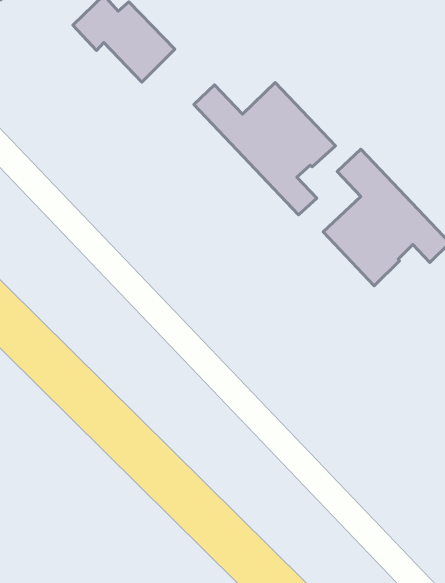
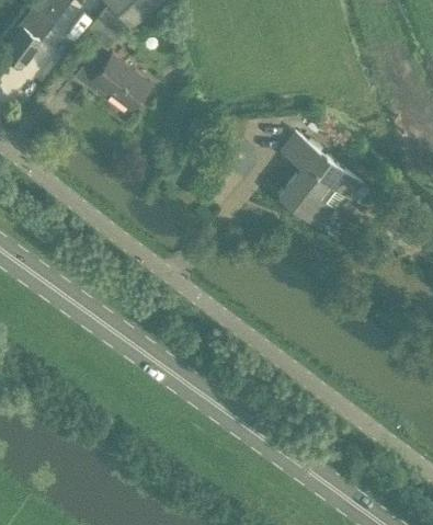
building: [194,83,335,215] -> none

